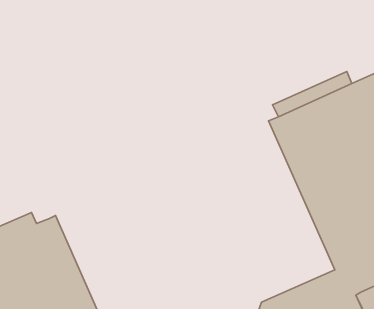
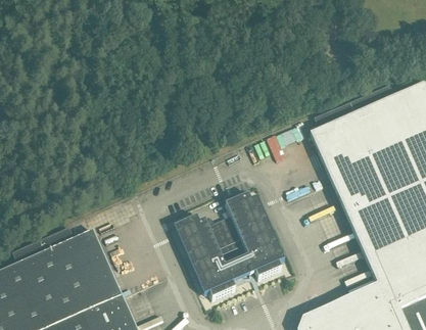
building: none -> [175,192,285,297]

